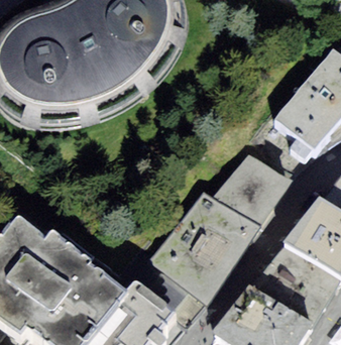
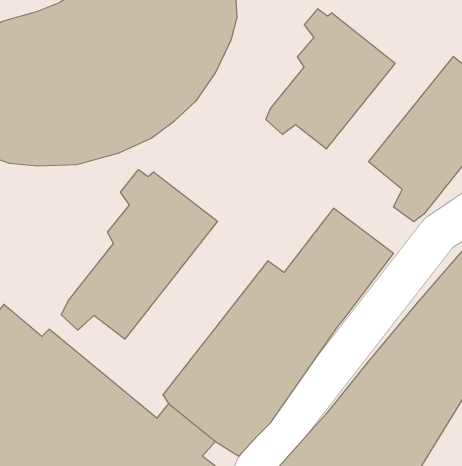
building: none -> [266,9,395,149]
building: none -> [61,170,217,339]

